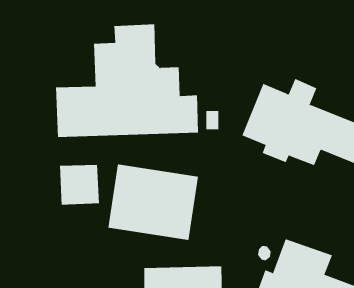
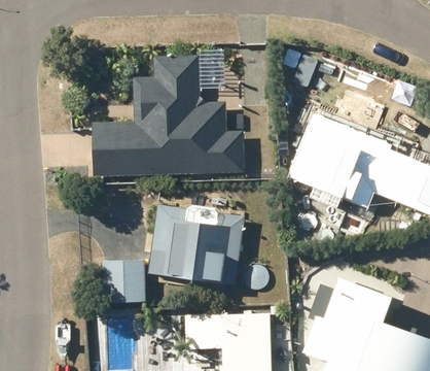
building: [59,165,100,205] -> [102,259,145,302]

